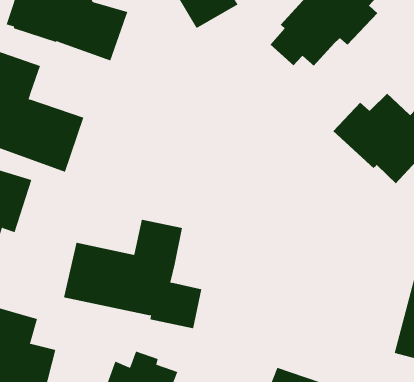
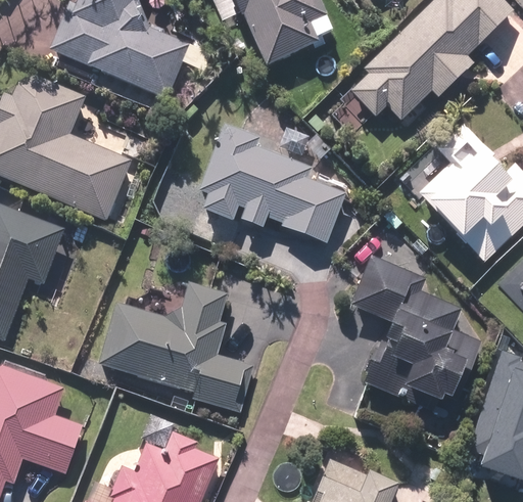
building: none -> [196,141,346,243]
building: none -> [348,255,478,406]

